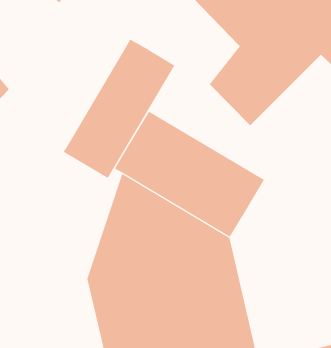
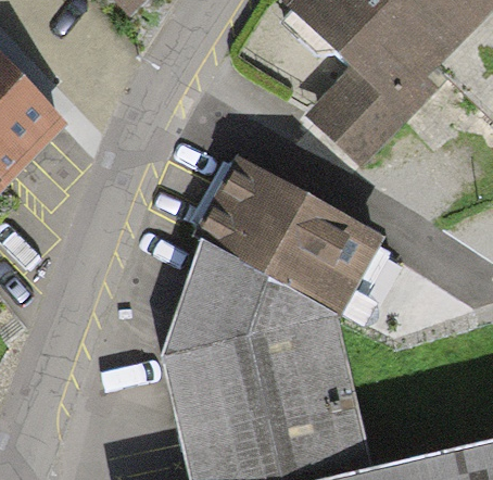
building: [63,39,175,179] -> none

